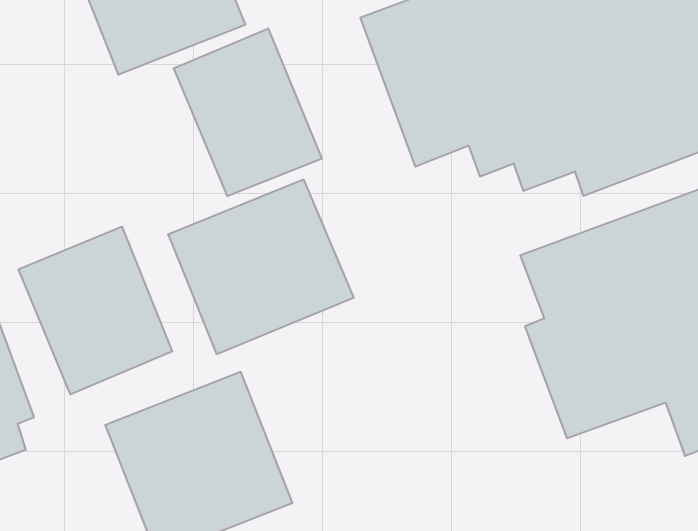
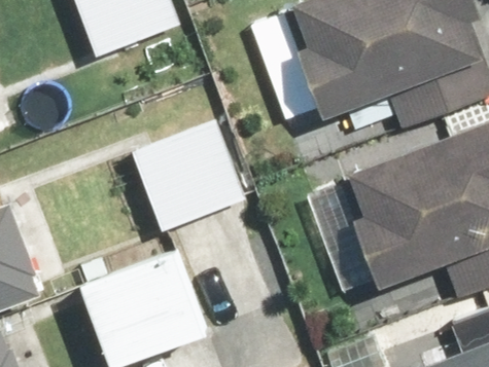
building: [174,28,322,196] -> none
building: [19,227,172,394] -> none

